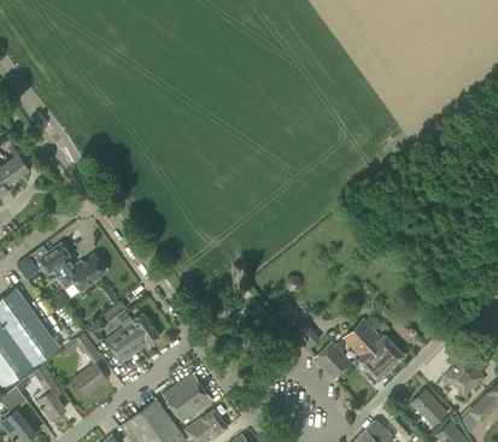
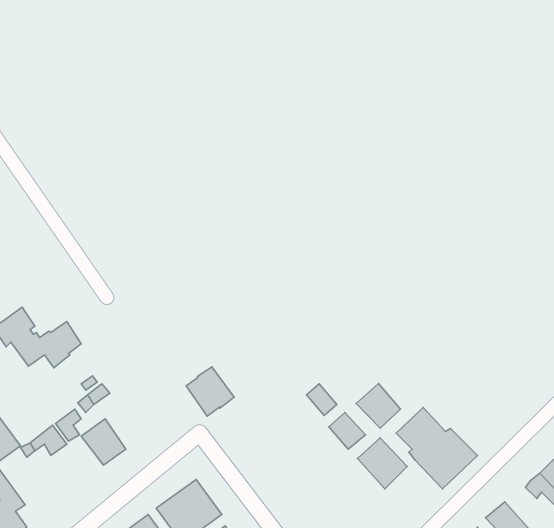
building: none -> [356,383,400,428]
building: [123,313,159,350] -> [186,367,234,416]
building: [71,364,106,396] -> none

